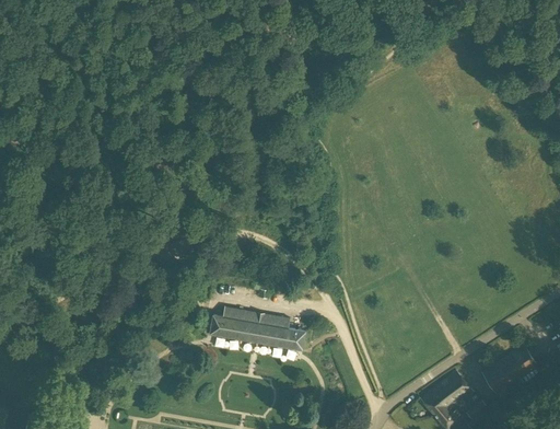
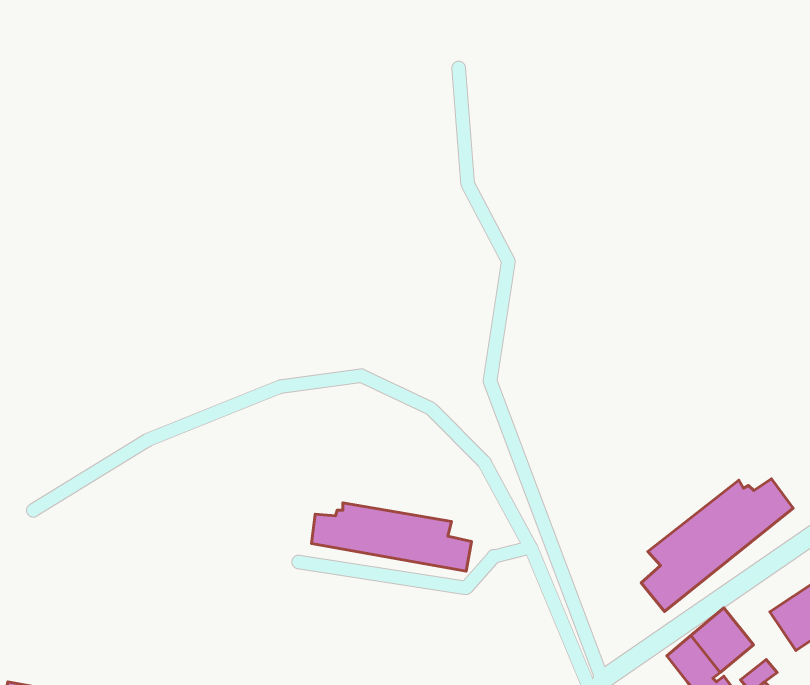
building: none -> [641,479,793,611]

